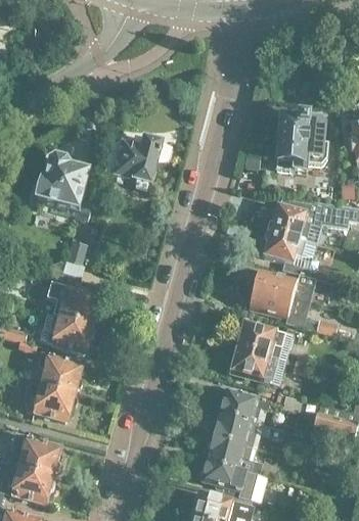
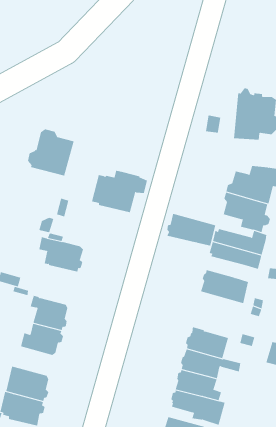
building: [105,135,172,185] -> [91,170,148,213]
building: [39,313,94,352] -> none
building: [229,346,287,385] -> [166,213,216,246]

